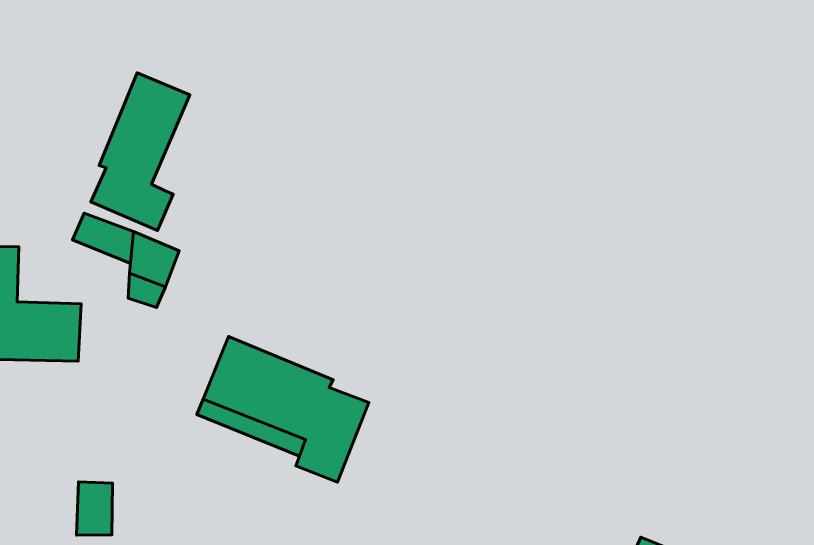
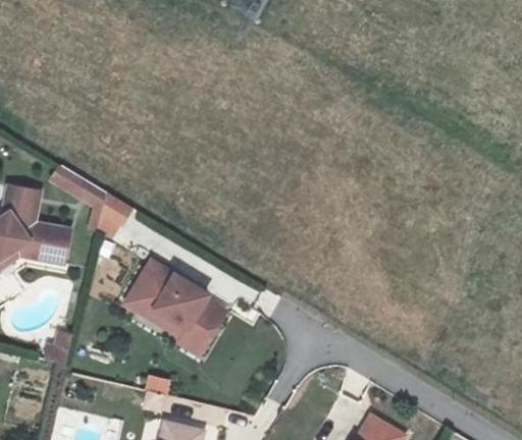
building: [91,73,190,231] -> none

